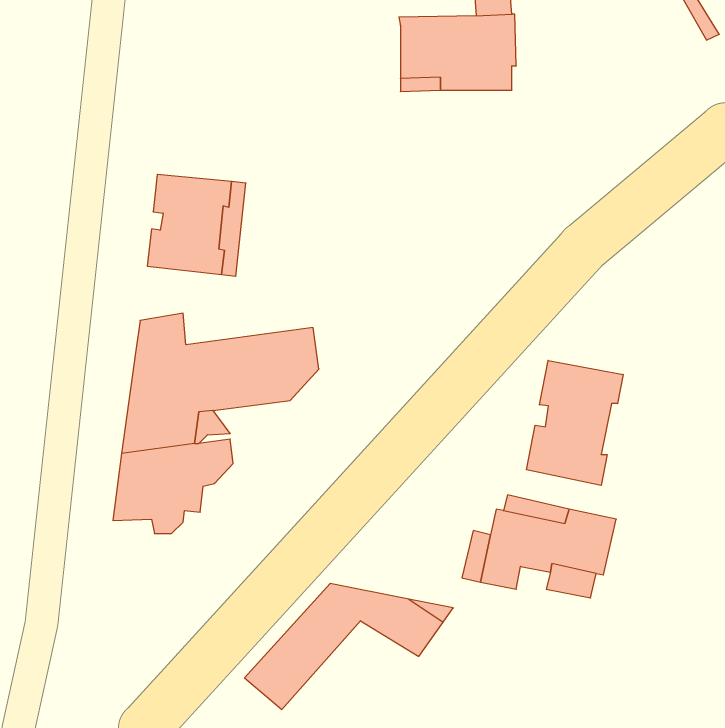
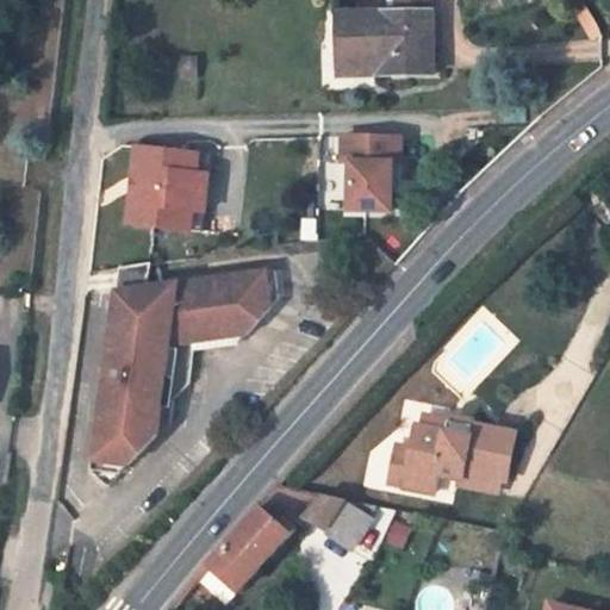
building: none -> [337,137,398,210]
building: [527,360,623,485] -> none
building: none -> [91,432,143,465]

